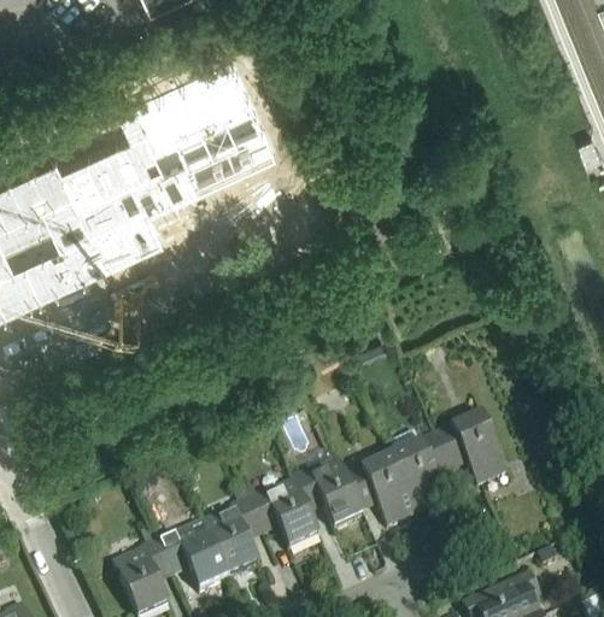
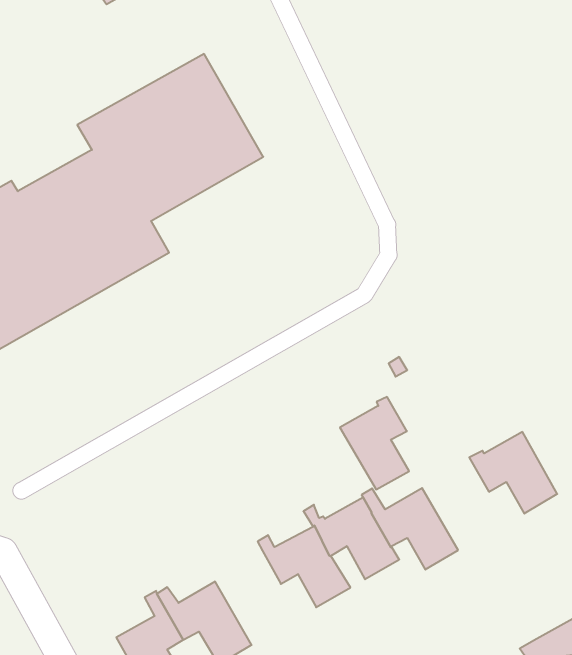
building: [391,434,448,513] -> [340,397,409,489]
building: [204,499,260,580] -> none

